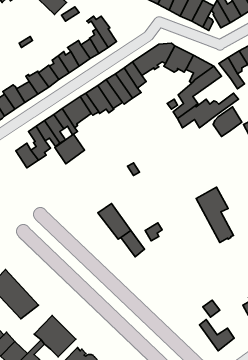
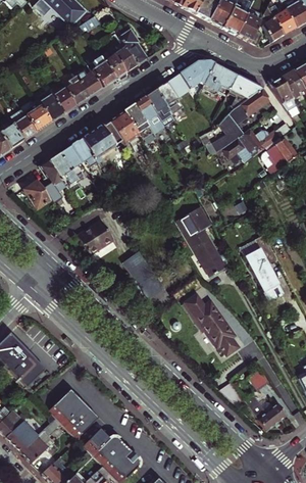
building: [55,134,85,164] -> [76,221,112,256]
building: none -> [177,207,232,284]
building: none -> [184,295,239,354]

